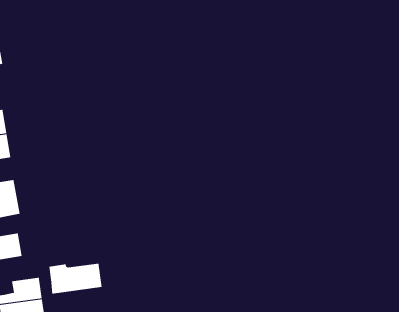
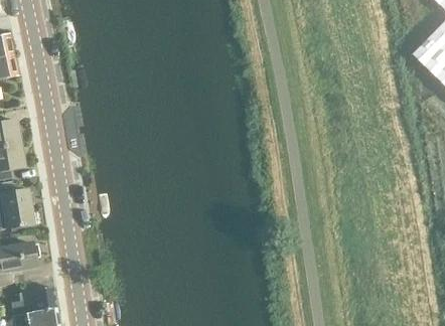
building: [49,263,102,295] -> none

